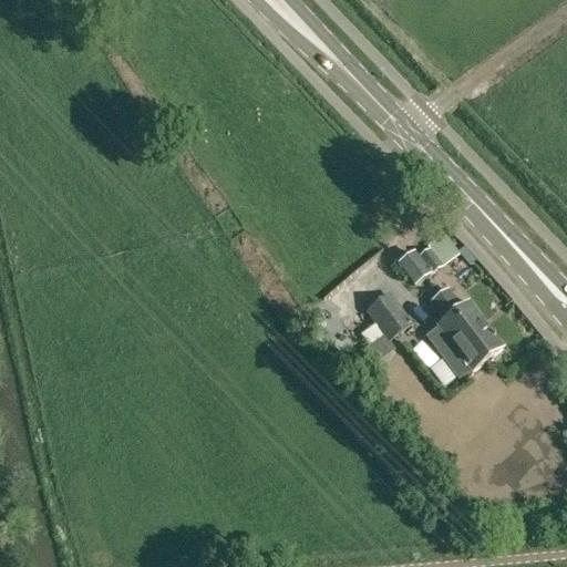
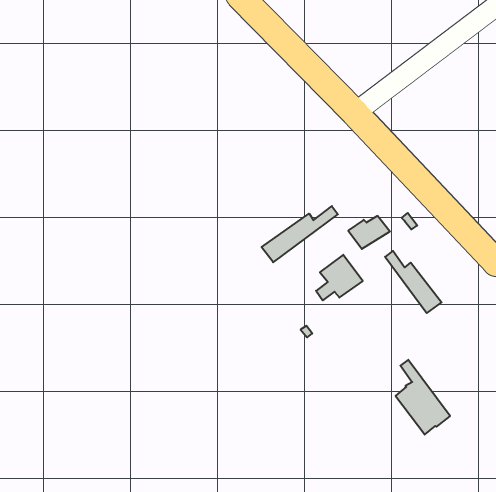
building: none -> [262,206,338,262]
building: [424,292,486,378] -> [396,360,450,435]

